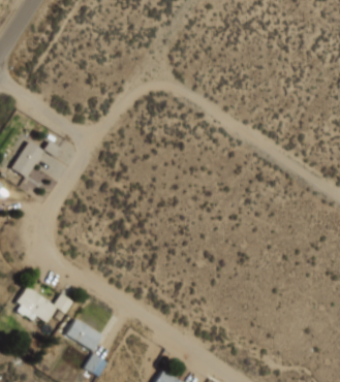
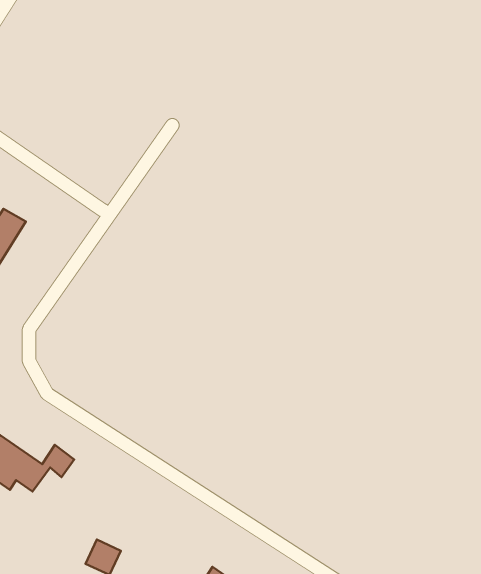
building: [67,318,103,350] -> none

